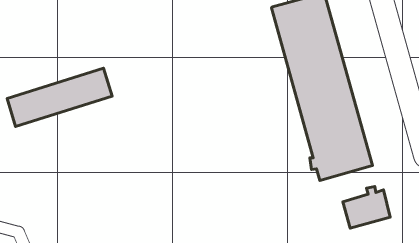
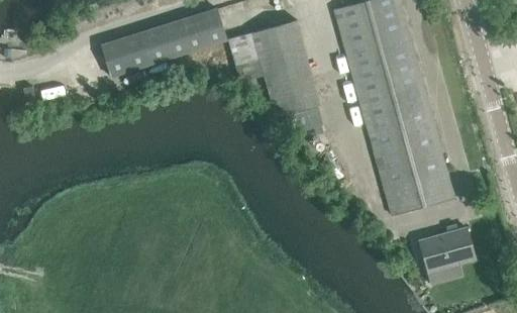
building: none -> [232,20,324,138]
building: [7,68,112,127] -> [103,7,228,77]

